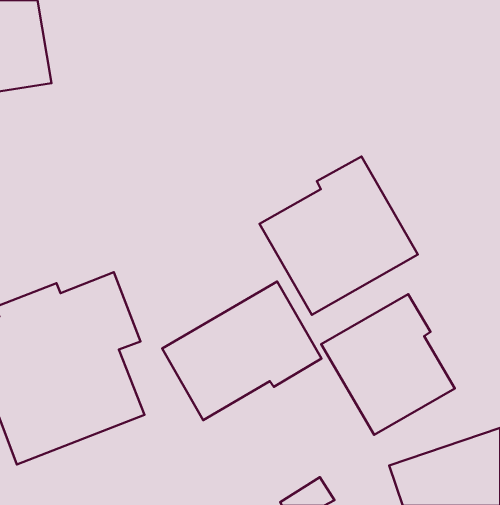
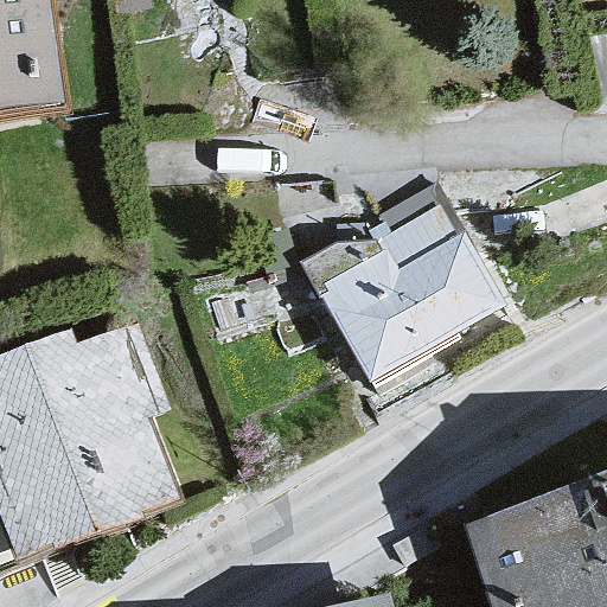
building: [162,282,322,420] -> none
building: [321,294,455,435] -> none

